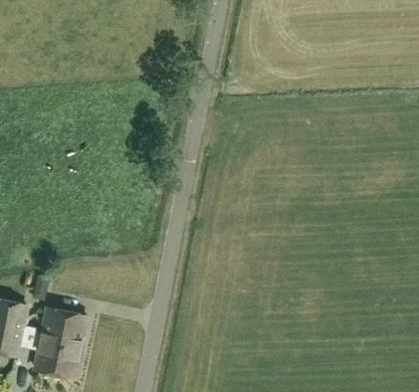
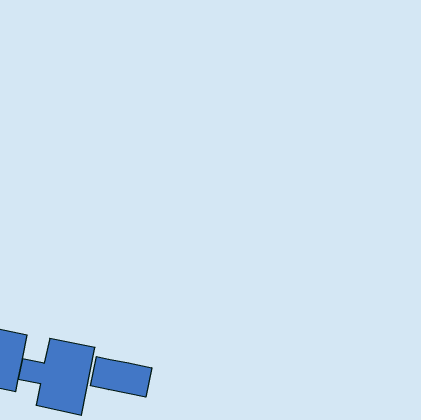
building: none -> [91,357,152,397]

